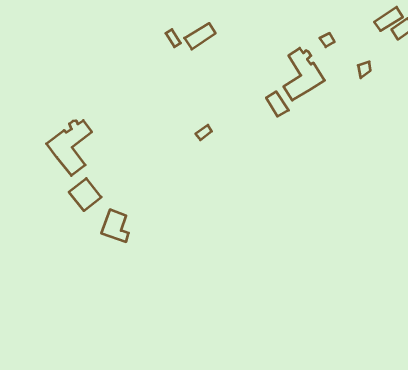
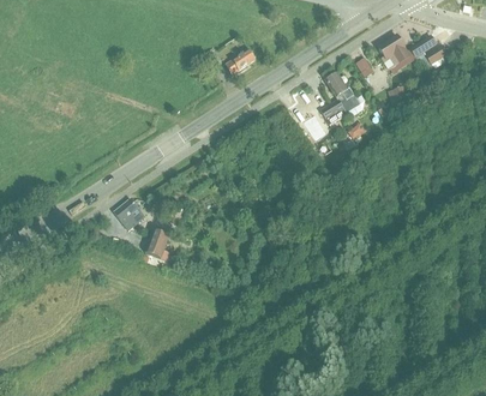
building: none -> [378,34,408,67]
building: [46,120,92,176] -> none

